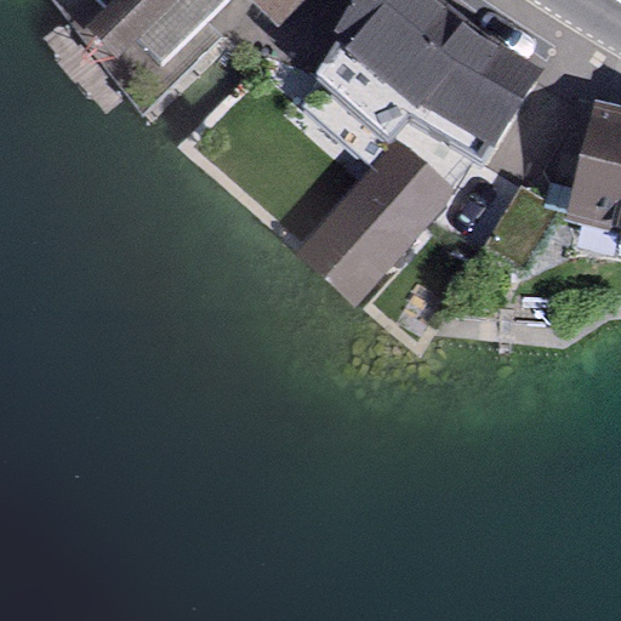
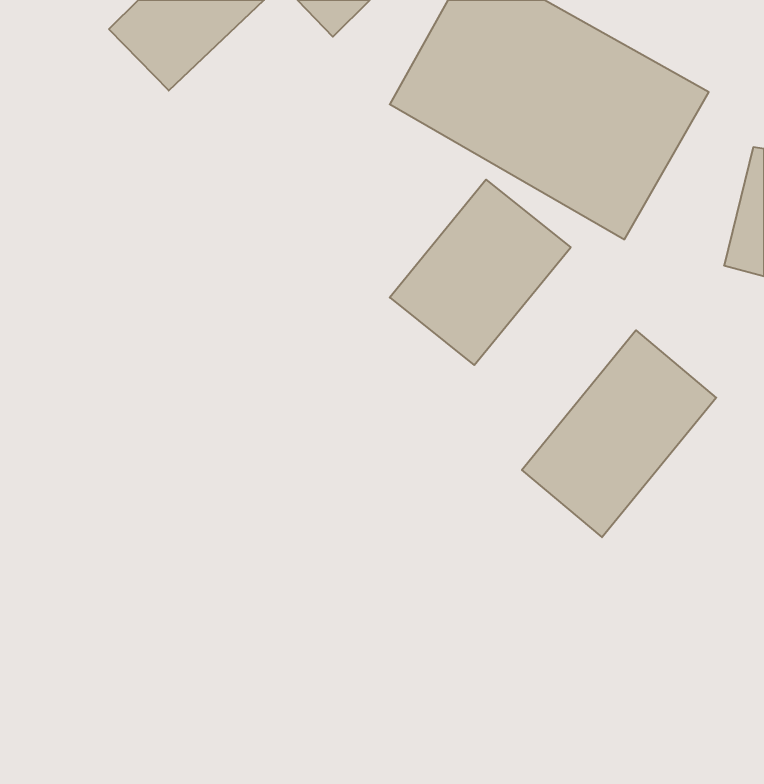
building: none -> [522,330,716,537]

